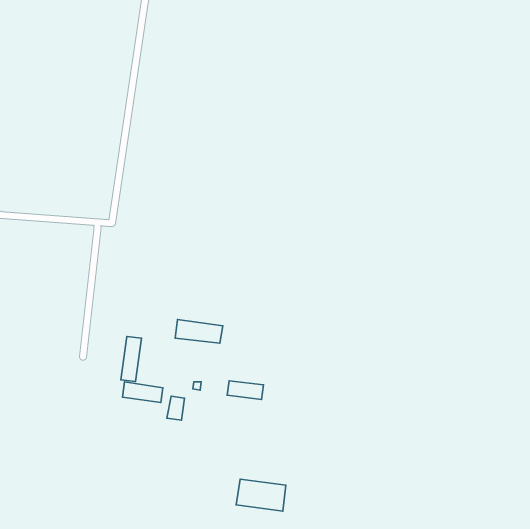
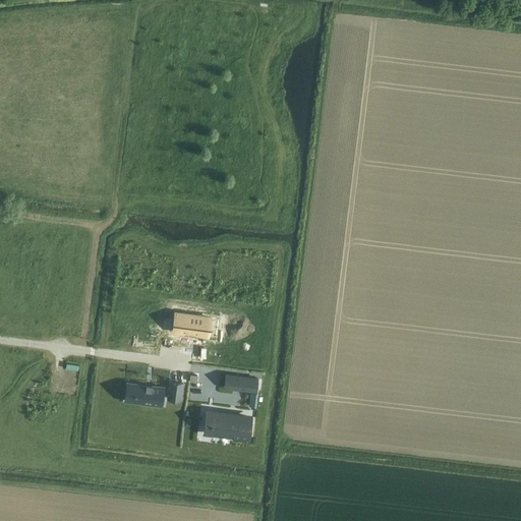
building: [121,337,141,381] -> none
building: [236,479,286,511] -> [204,409,252,441]

